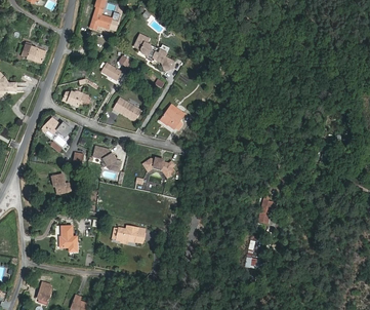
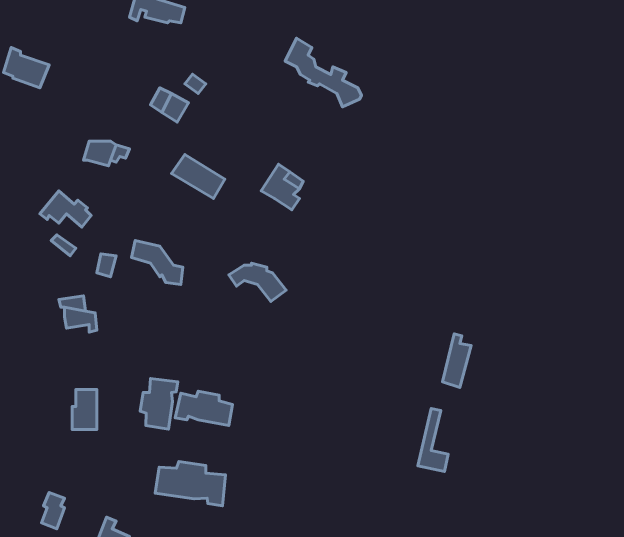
building: [133,33,174,70] -> [285,38,361,107]
building: none -> [140,379,178,429]
building: none -> [155,462,226,506]

